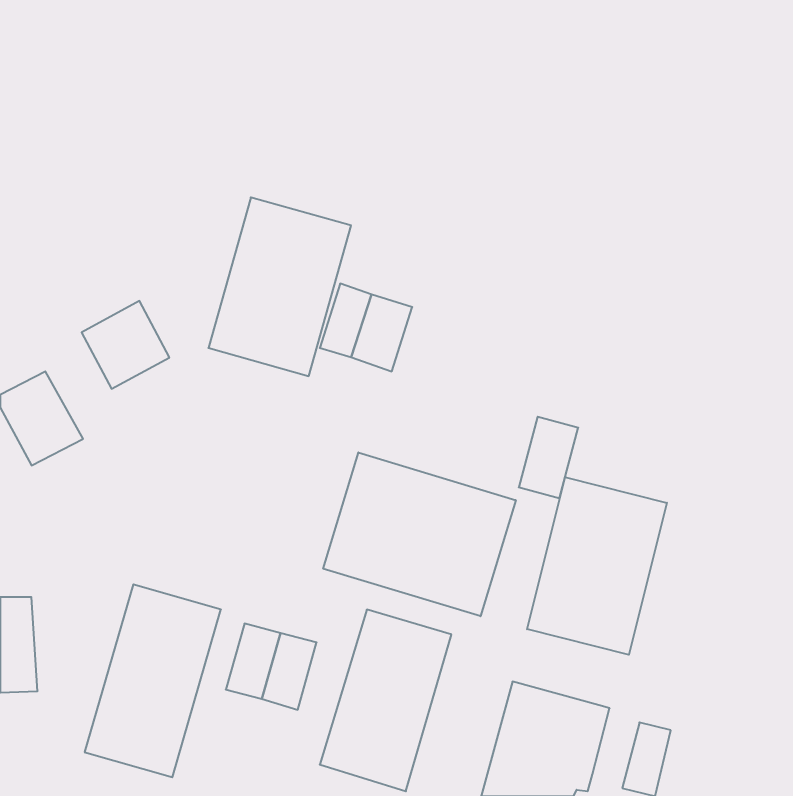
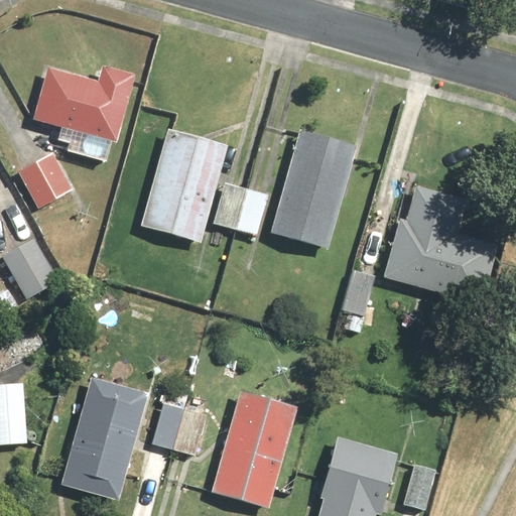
building: none -> [31,64,133,141]
building: none -> [270,128,357,249]
building: none -> [382,182,500,302]
building: [82,301,169,389] -> [20,152,77,209]
building: [323,452,516,616] -> none
building: [527,477,667,655] -> none

